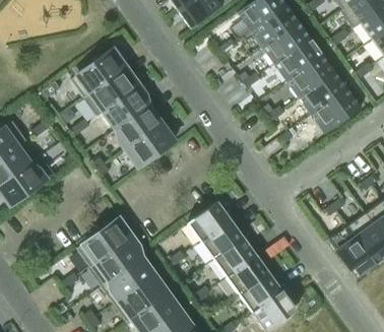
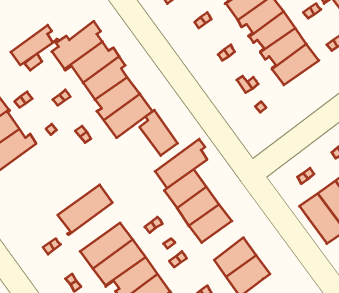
building: none -> [11,25,58,65]
building: [311,88,361,130] -> none
building: none -> [140,110,178,156]
building: [87,236,141,286] -> [155,139,207,188]
building: [226,255,269,295] -> none

